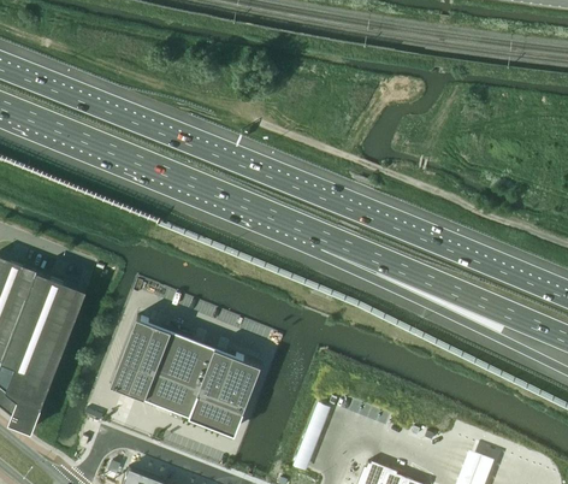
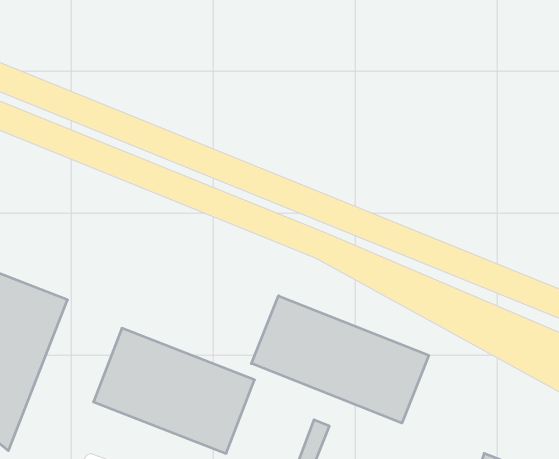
building: none -> [251,296,429,423]

